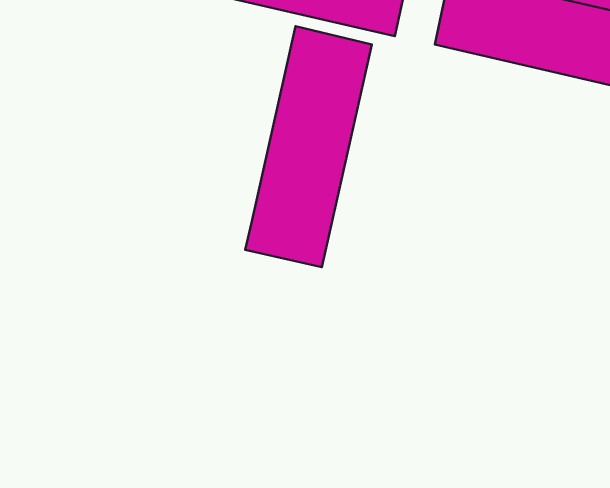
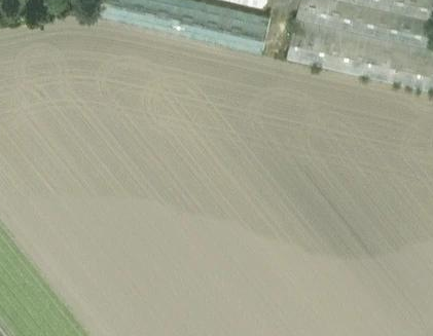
building: [245,26,372,267] -> none

